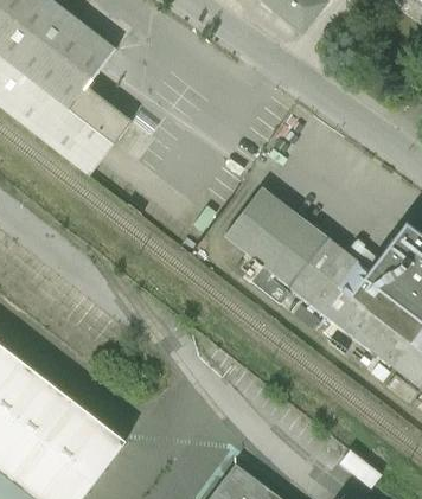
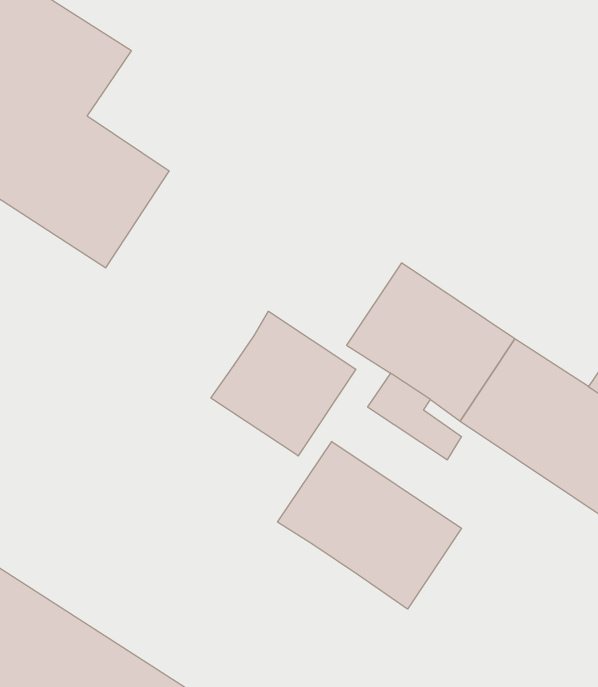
building: none -> [211,311,356,456]
building: none -> [278,441,462,609]

